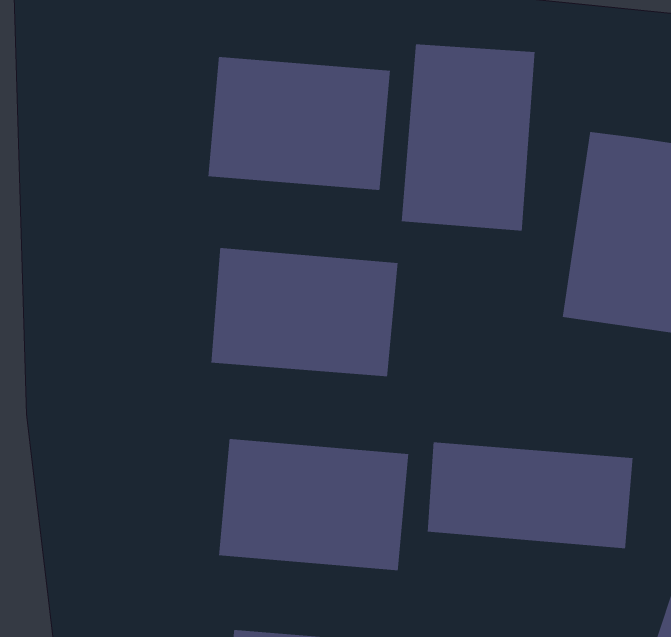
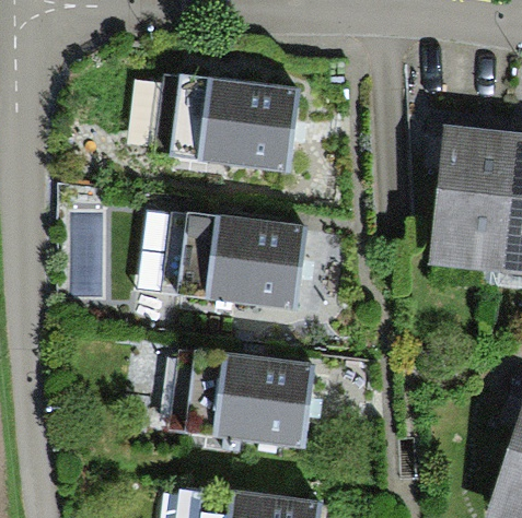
building: [401,43,536,232] -> none
building: [427,442,633,549] -> none

